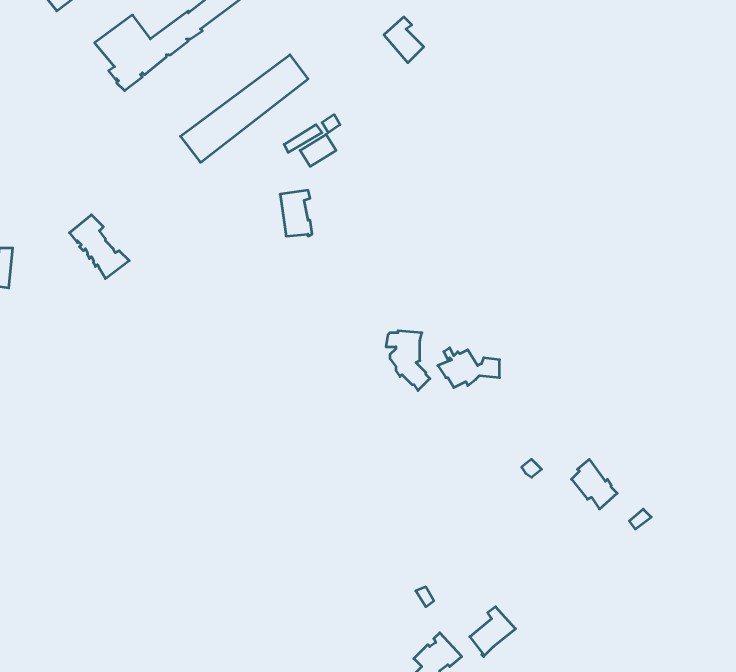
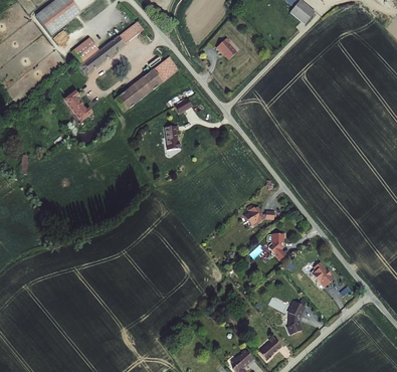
building: [69,215,129,279] -> [62,89,92,122]
building: [386,331,430,391] -> [266,233,288,263]
building: none -> [286,301,306,335]

